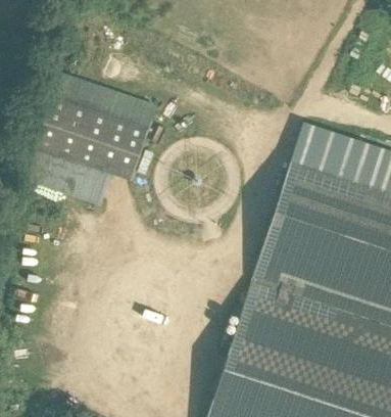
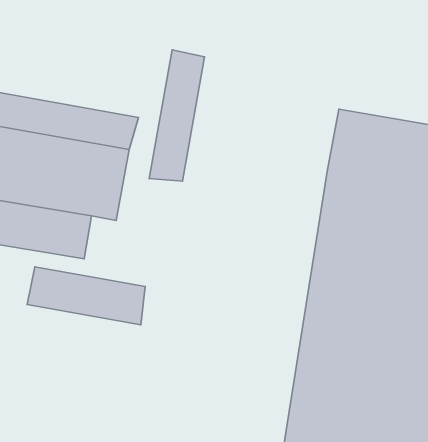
building: none -> [149,50,205,181]
building: none -> [27,267,145,325]

